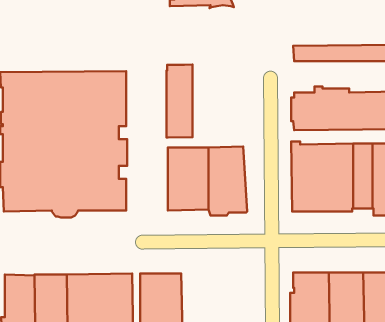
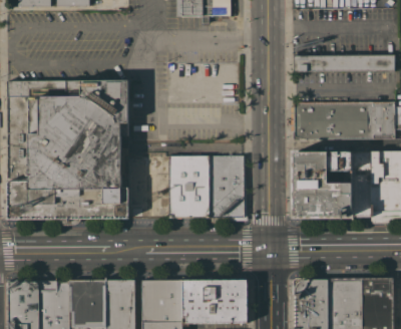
building: [166,65,192,137] -> none
building: none -> [182,279,250,323]

